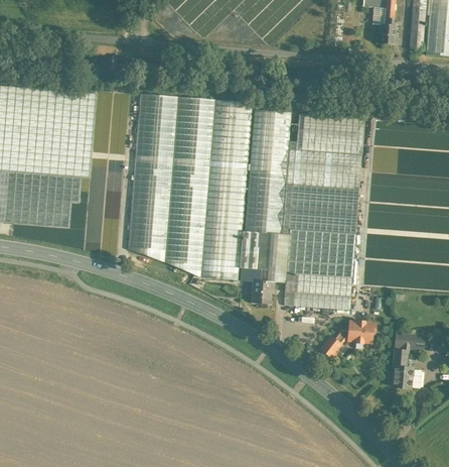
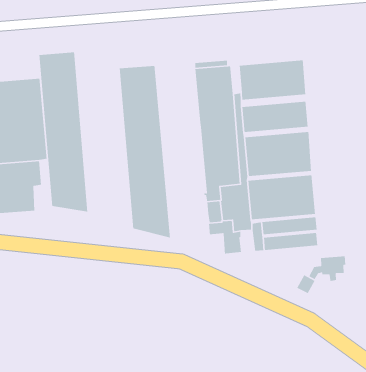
building: [128,93,177,261] -> [38,52,88,212]
building: [201,99,252,279] -> none

